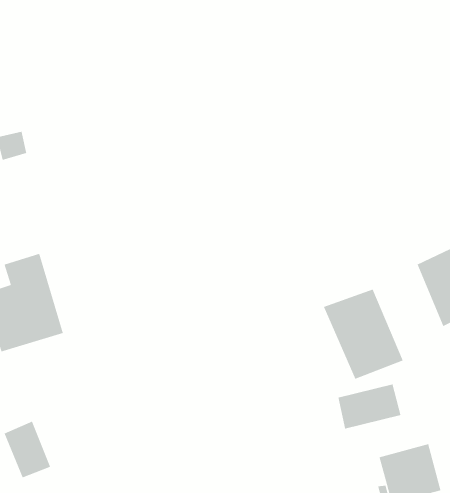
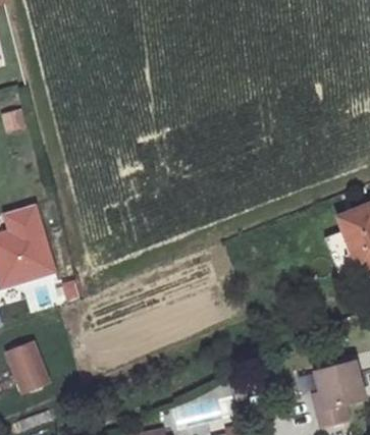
building: [323,288,404,380] -> none
building: [337,384,402,430] -> none

